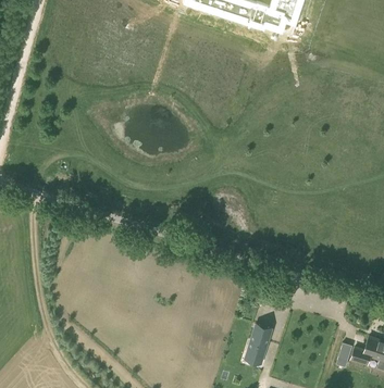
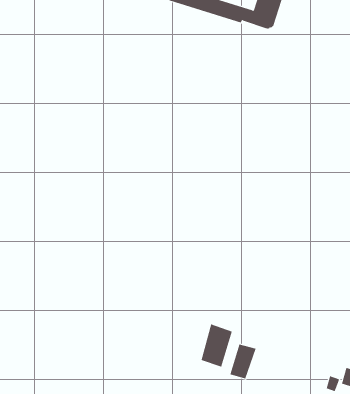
building: none -> [201,323,233,367]

